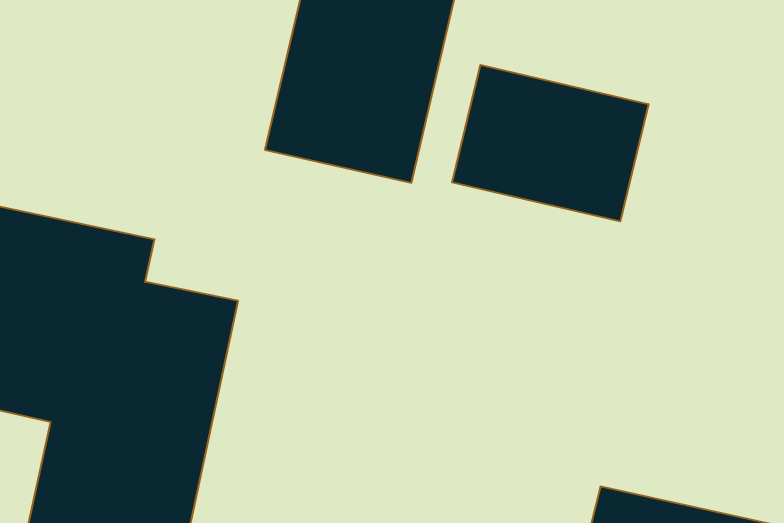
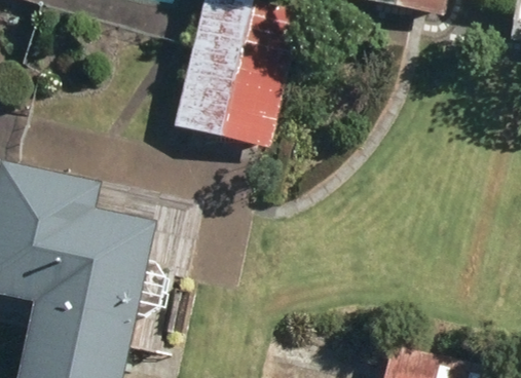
building: [452,65,648,221] -> none

